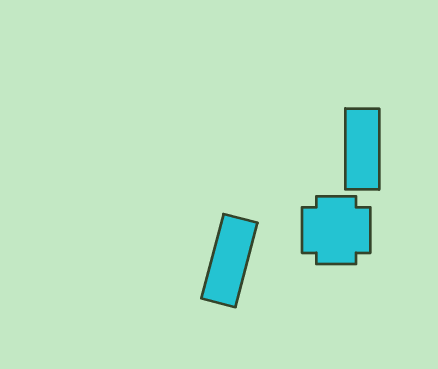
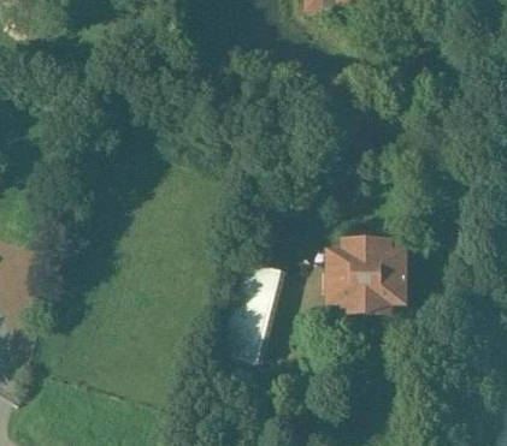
building: [345,108,379,190] -> none

